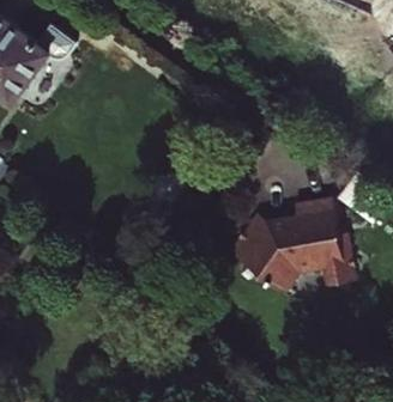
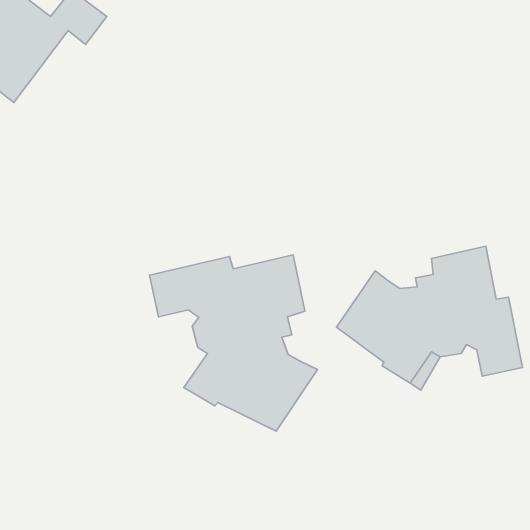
building: none -> [150,255,318,431]

